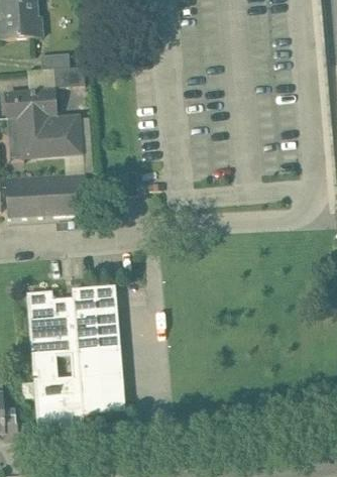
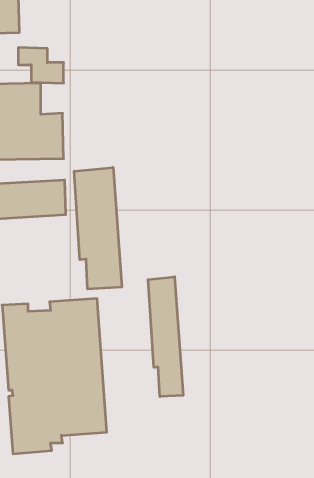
building: none -> [74,167,122,289]
building: none -> [148,277,183,397]

